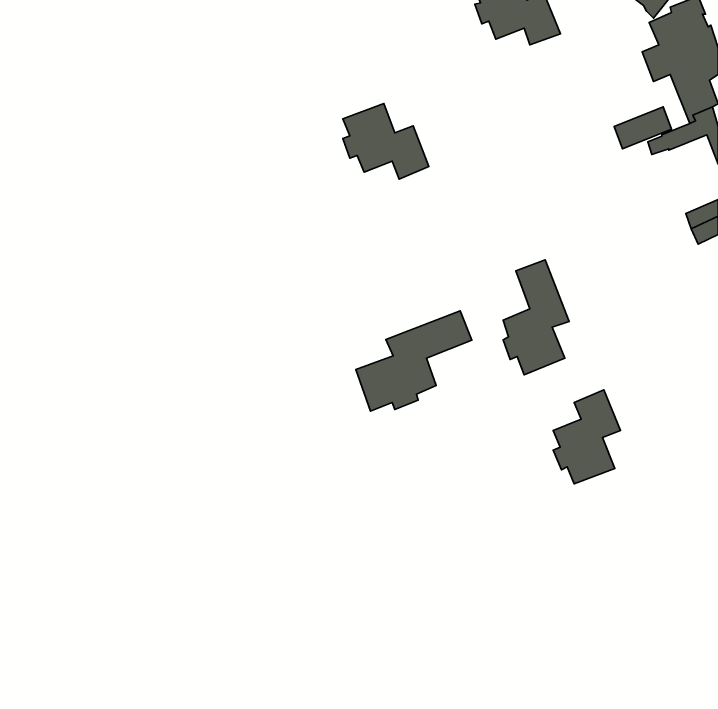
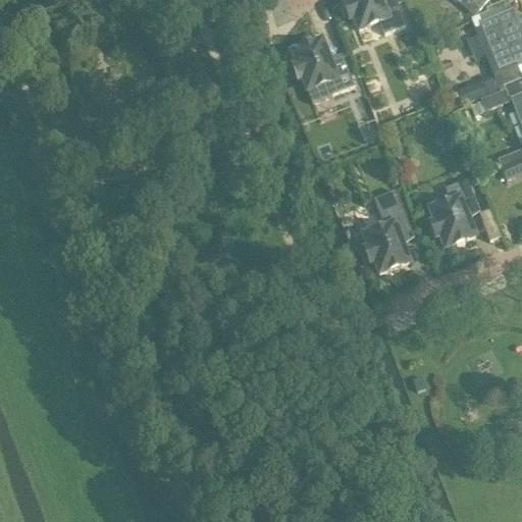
building: [343,103,429,179] -> [293,39,355,94]
building: [356,311,472,411] -> none
building: [553,390,621,484] -> [430,177,479,246]

